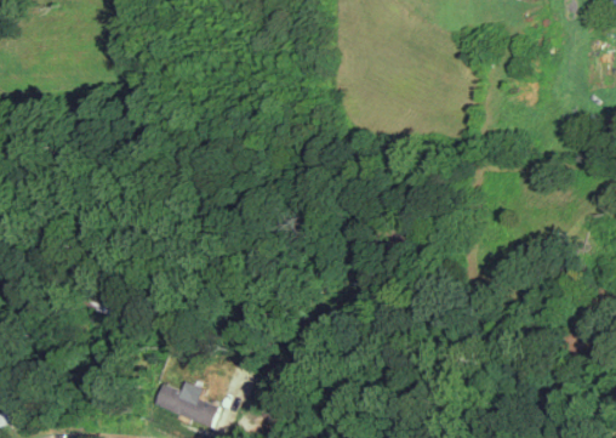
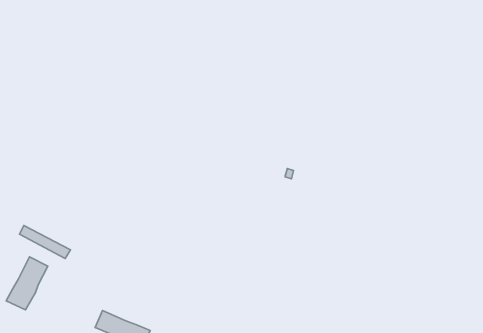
building: none -> [6,257,48,310]

